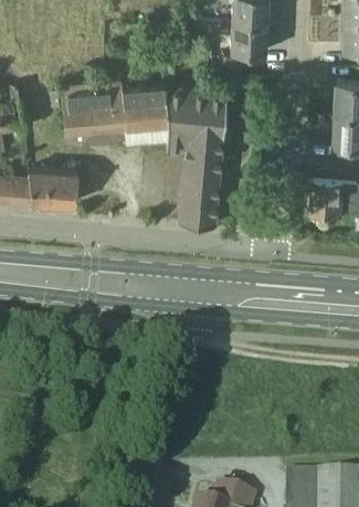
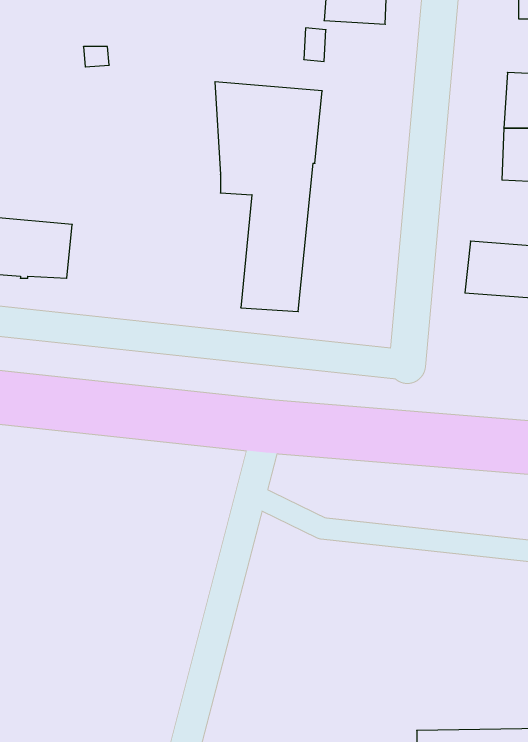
building: [61,81,167,147] -> none

